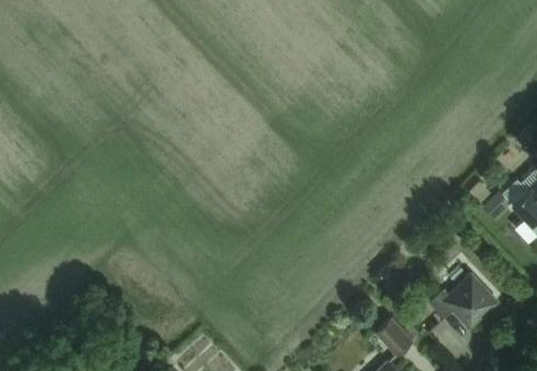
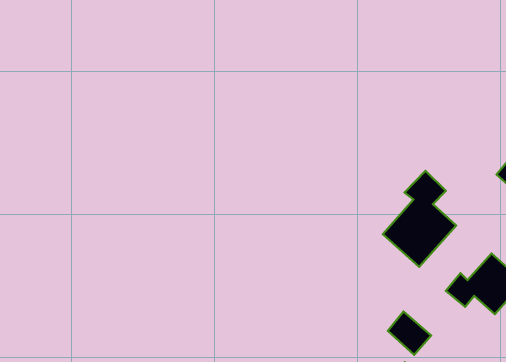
building: none -> [383,171,456,267]

